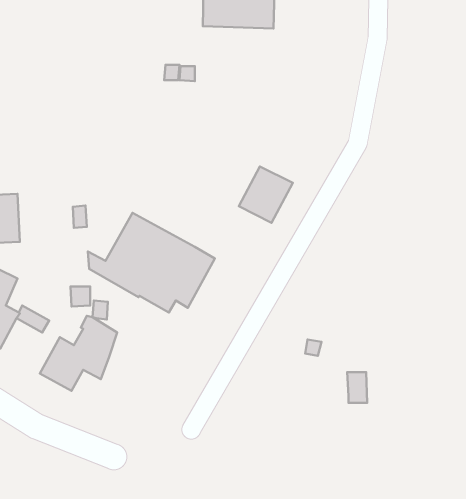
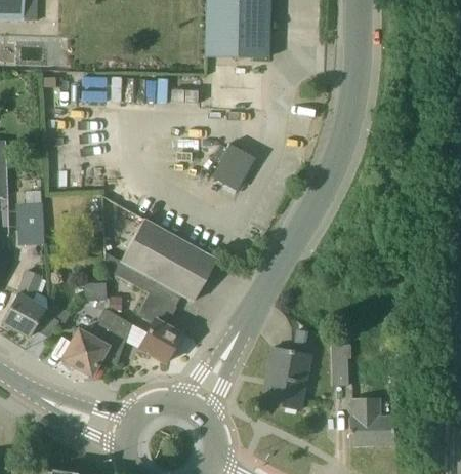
building: [239,166,293,223] -> [211,142,258,191]
building: none -> [136,291,181,363]
building: none -> [261,346,309,410]
building: none -> [348,397,393,444]

